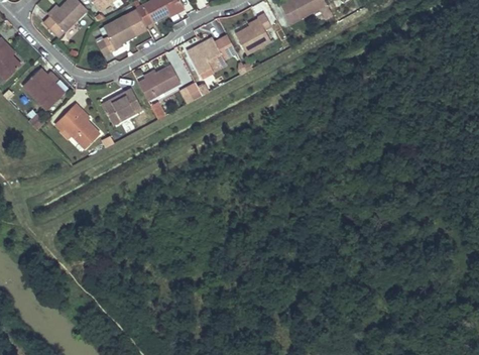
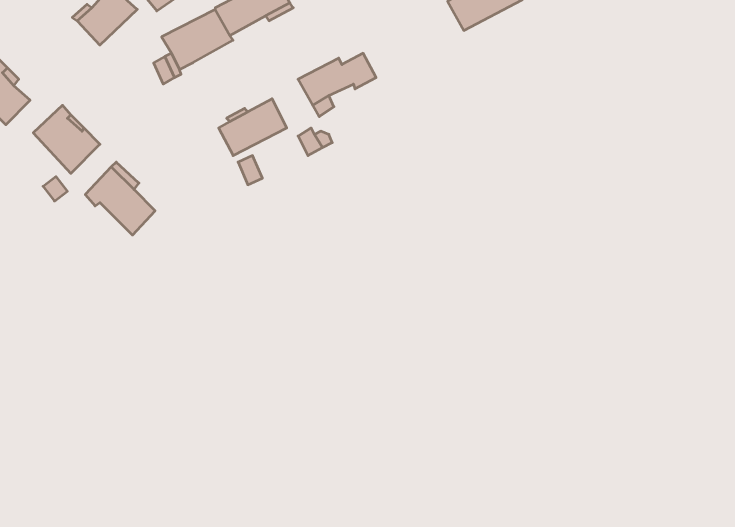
building: [235,14,271,54] -> none
building: [102,89,142,124] -> none

